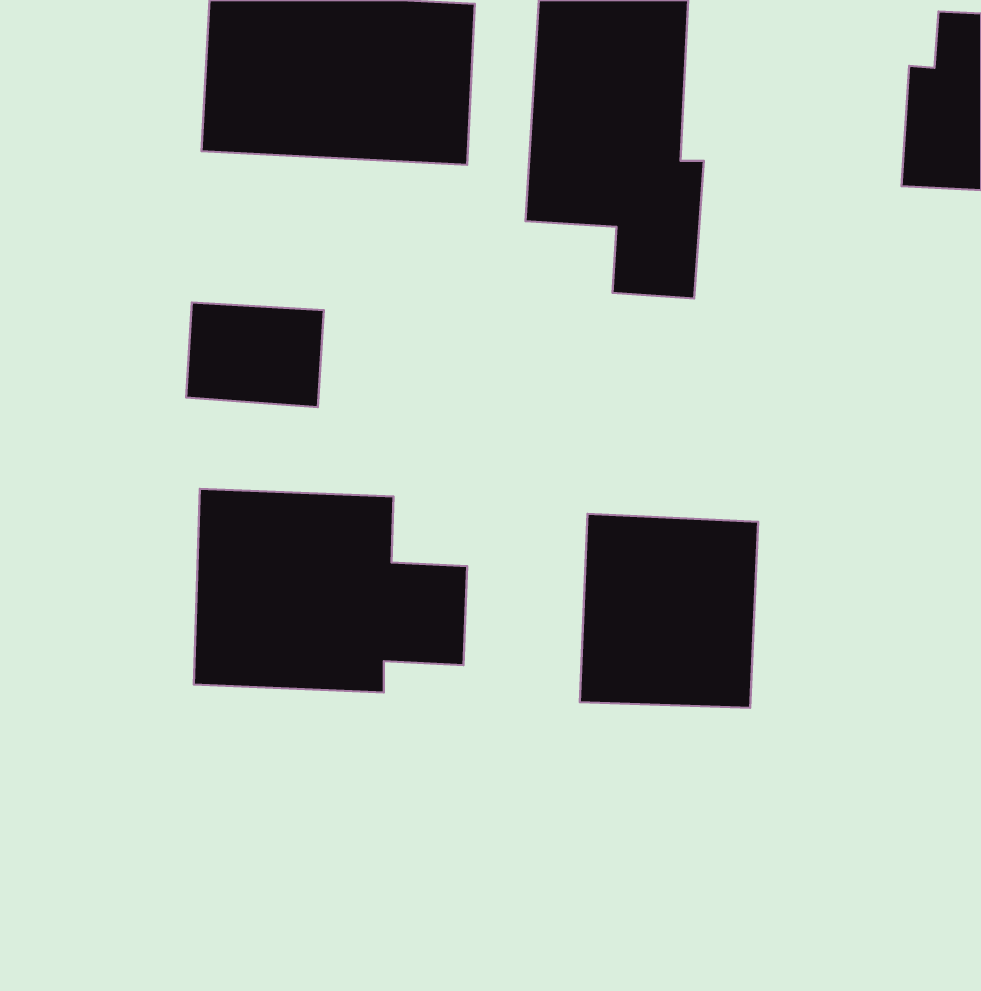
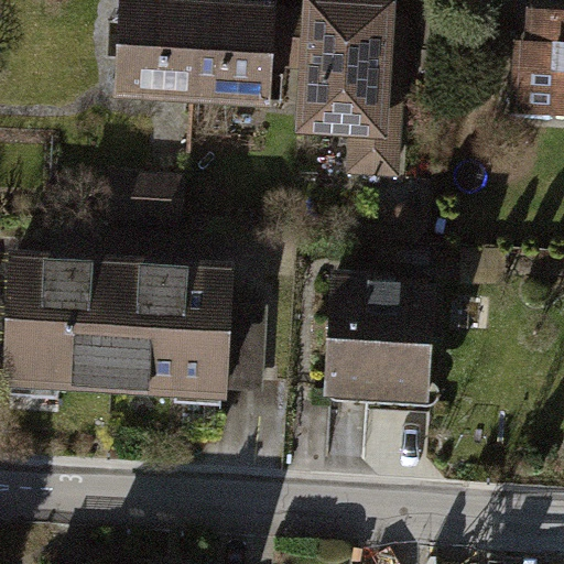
building: none -> [10,274,113,389]

